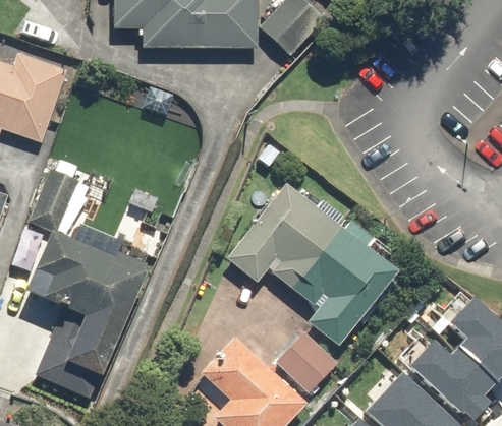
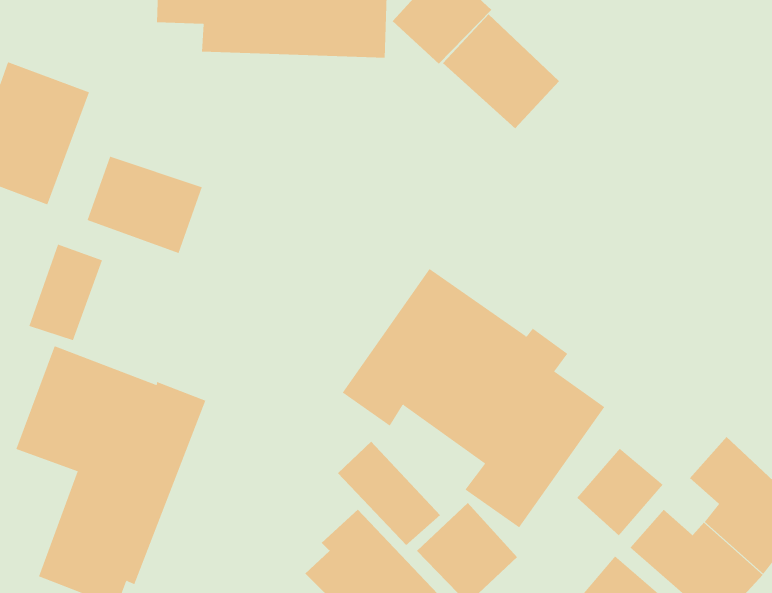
building: none -> [442,13,560,129]
building: none -> [87,156,202,254]
building: none -> [337,441,441,546]
building: none -> [576,448,664,536]

